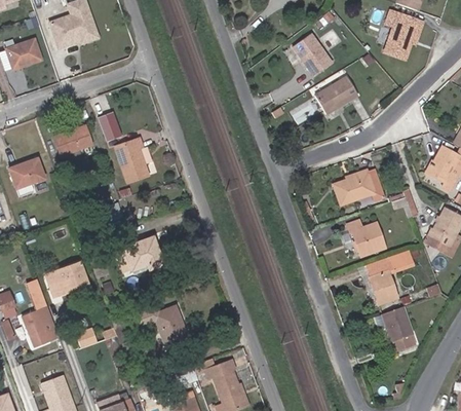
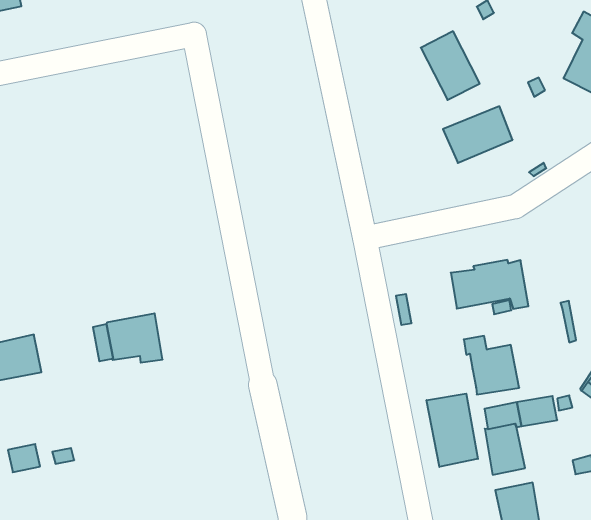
building: [100,111,124,141] -> none
building: [54,126,91,156] -> none
building: [115,139,148,183] -> none
building: none -> [427,394,478,467]
building: [131,307,188,347] -> none

